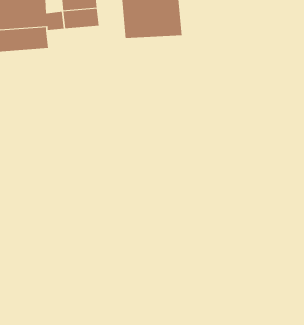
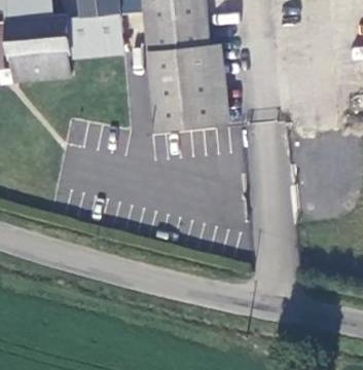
building: none -> [149,61,215,128]

